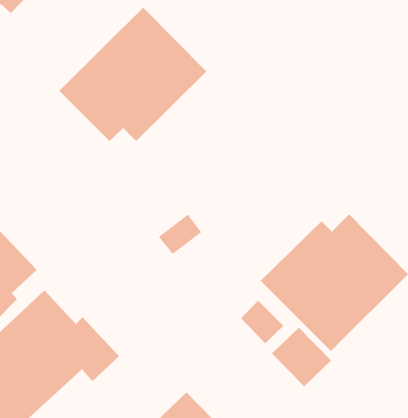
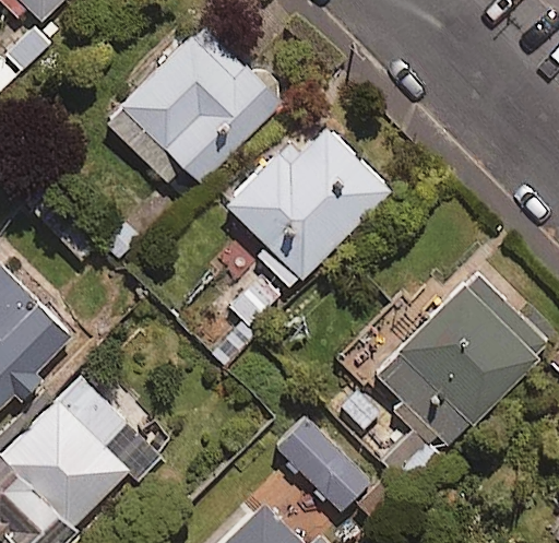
building: none -> [223,125,388,280]
building: none -> [275,413,395,522]

